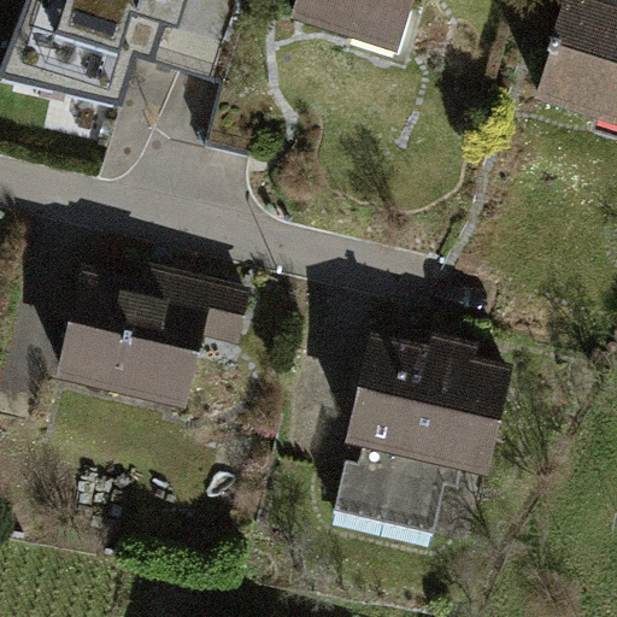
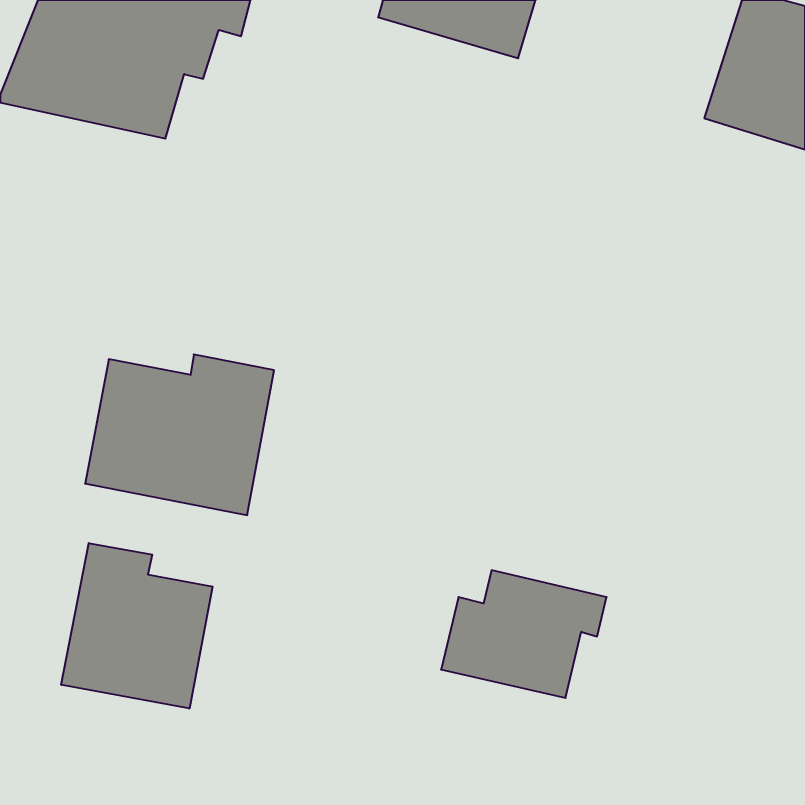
building: [353,339,510,463] -> none
building: none -> [61,543,213,709]

